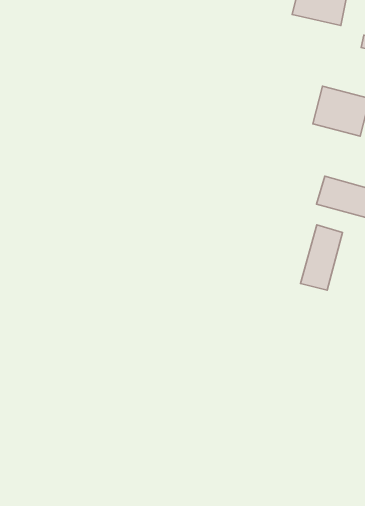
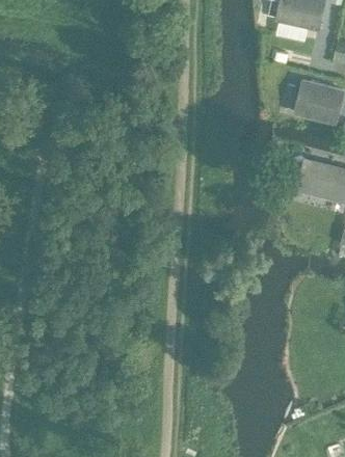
building: [301,225,343,290] -> none

